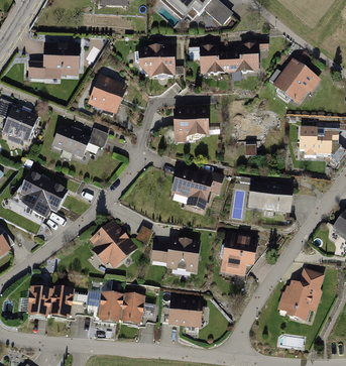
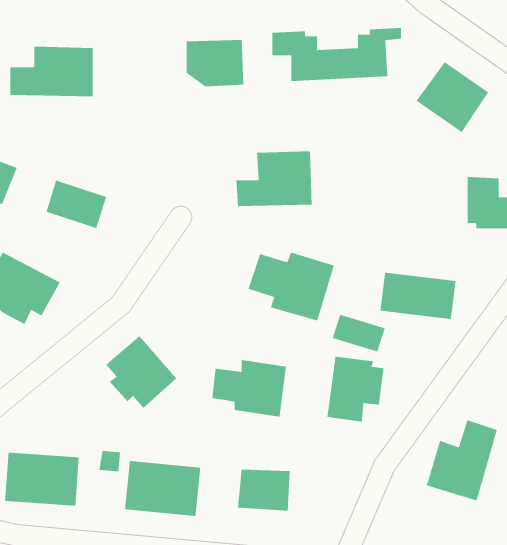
building: [89,75,124,109] -> none
building: none -> [332,314,386,352]

